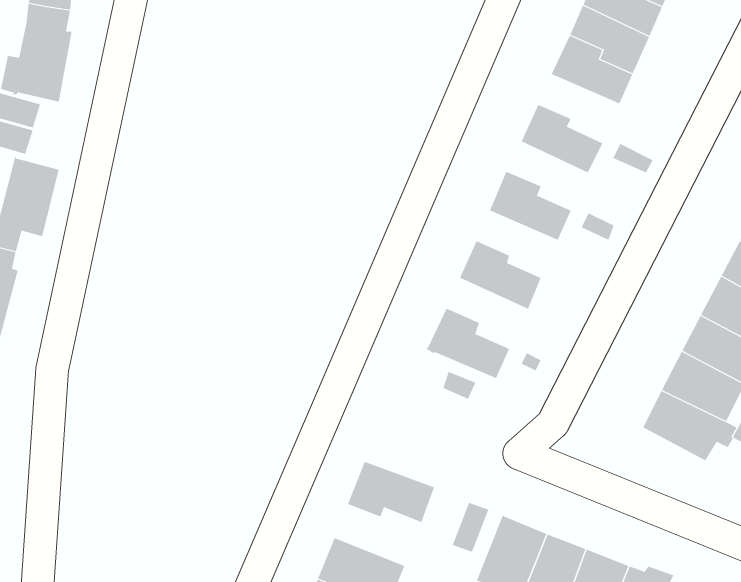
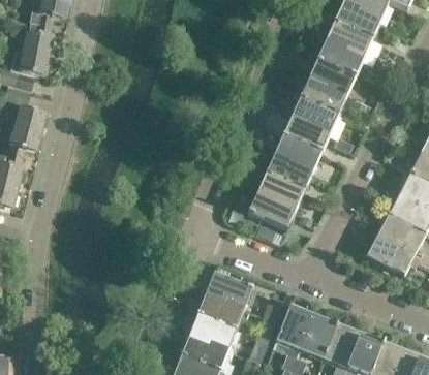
building: none -> [309,61,355,99]
building: none -> [292,98,337,136]
building: none -> [275,136,320,174]
building: none -> [258,174,304,213]
building: none -> [196,299,245,333]

